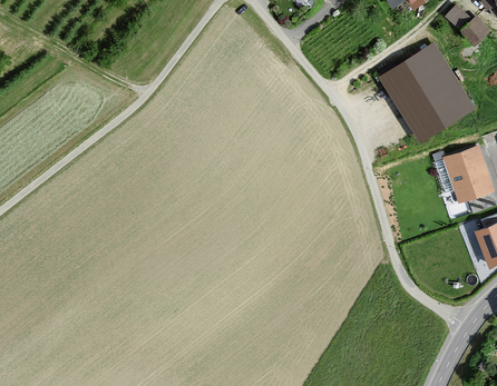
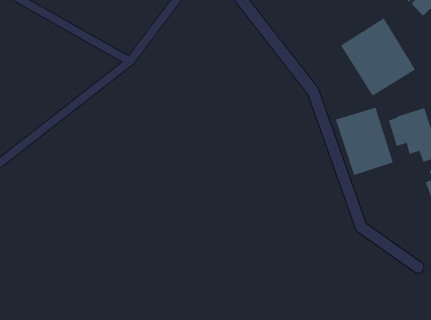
building: none -> [335,107,394,176]

